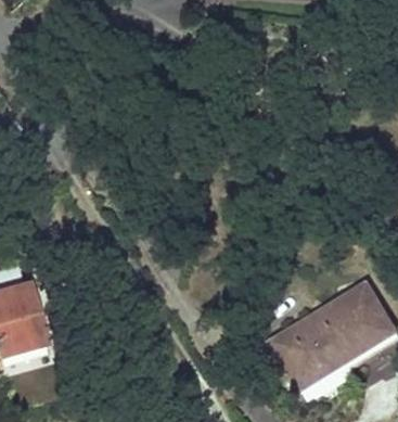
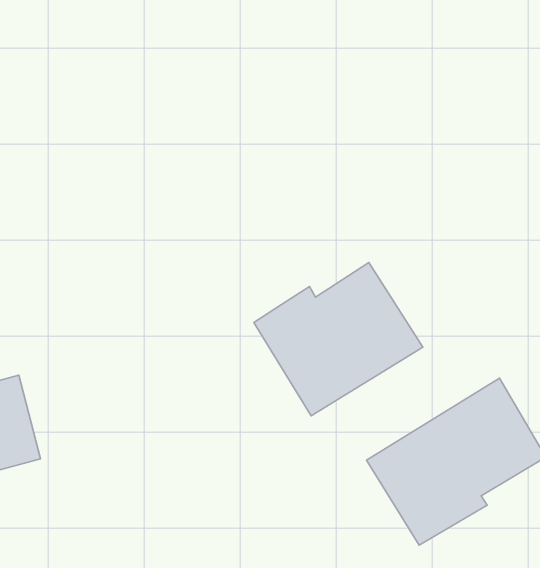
building: none -> [254,263,423,416]

